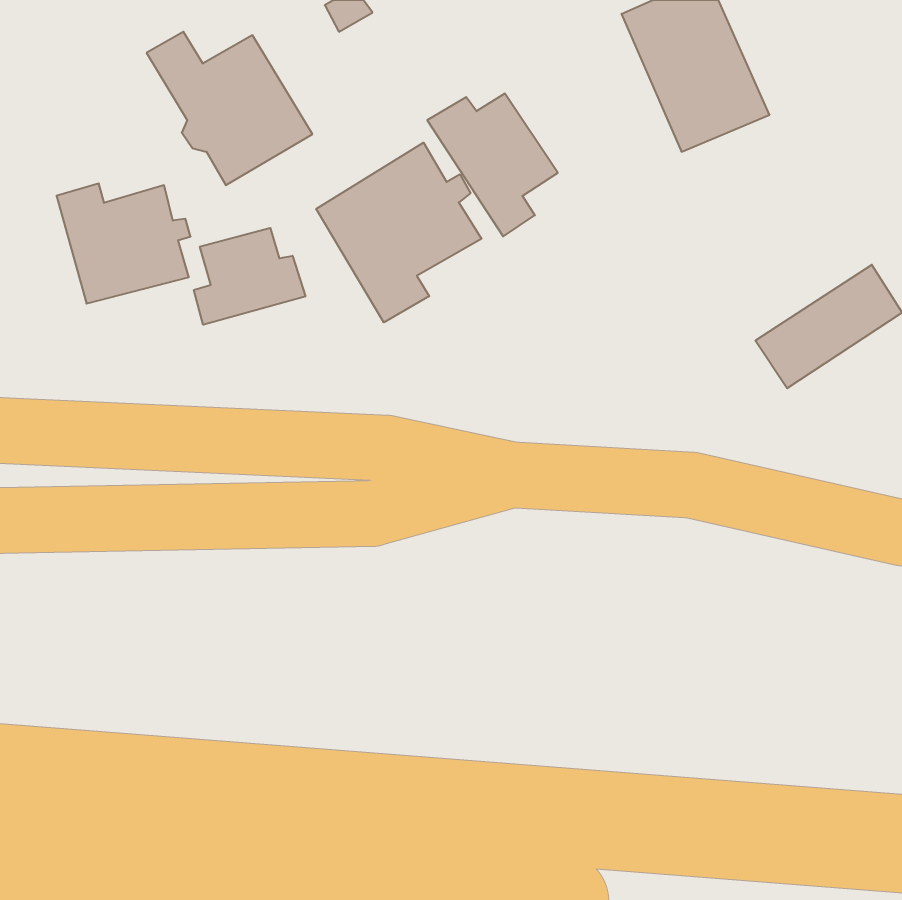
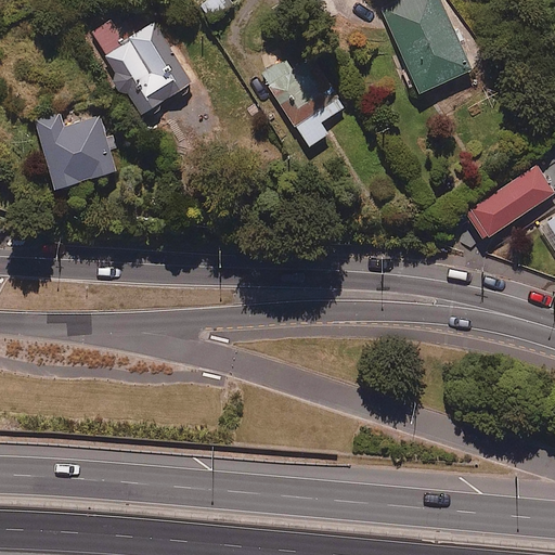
building: [316,143,482,322] -> none
building: [194,228,305,325] -> none

